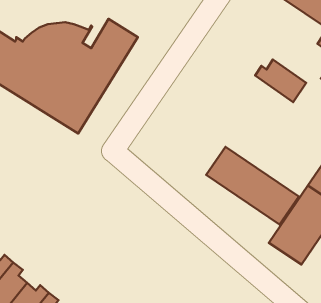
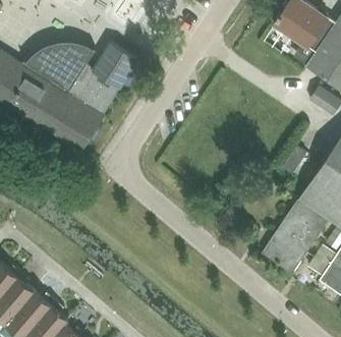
building: [255,60,306,102] -> none
building: [206,147,299,224] -> none

